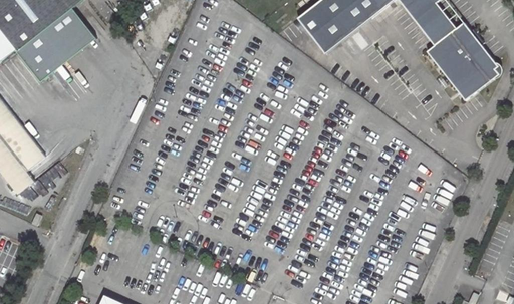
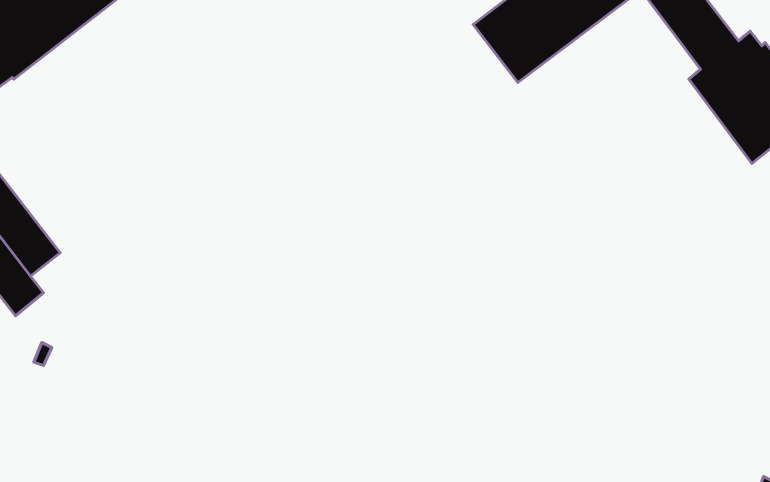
building: [17,9,95,81] -> none

